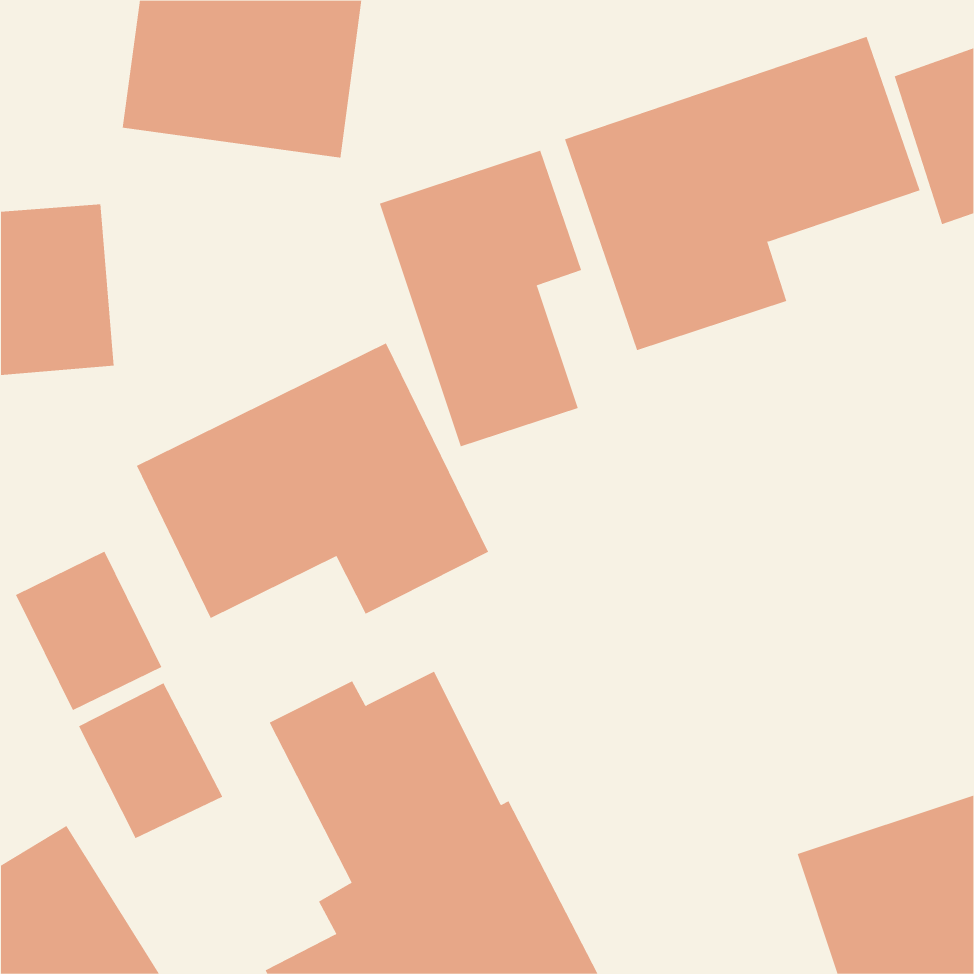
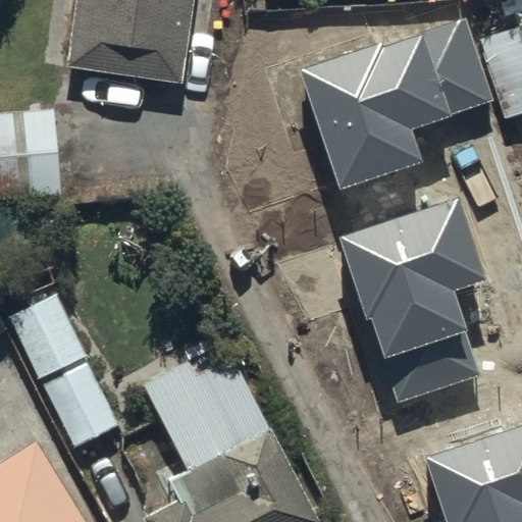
building: [379,150,582,447] -> none
building: [136,343,489,619] -> none
building: none -> [341,198,487,400]

